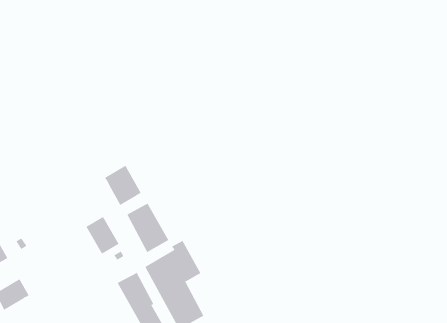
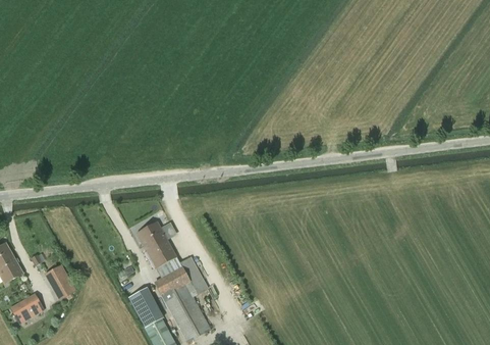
building: [104,165,142,206] -> none
building: [85,216,120,255] -> [44,263,76,300]

